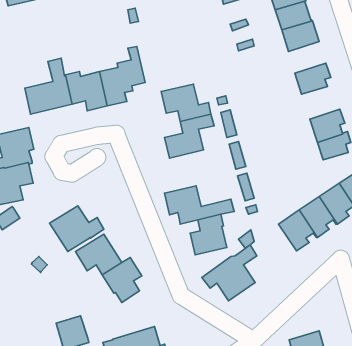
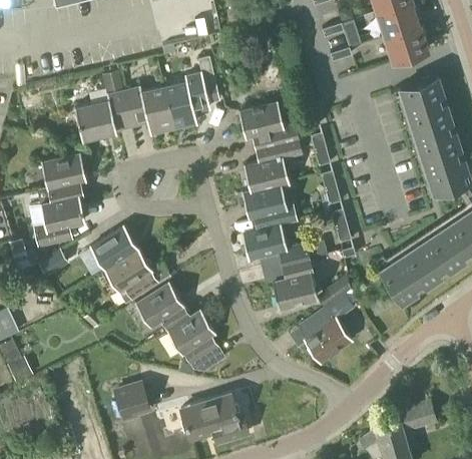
building: none -> [408,104,451,144]
building: none -> [243,183,297,228]
building: none -> [90,226,138,270]

